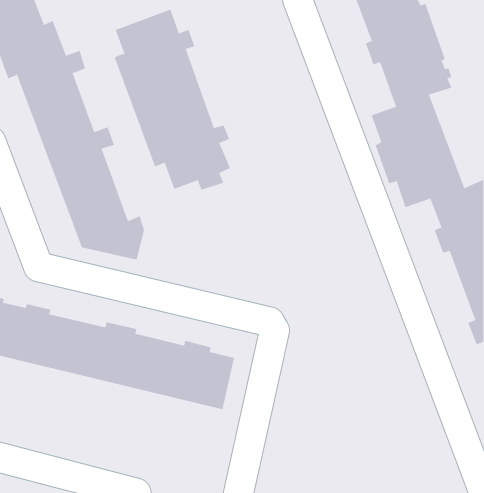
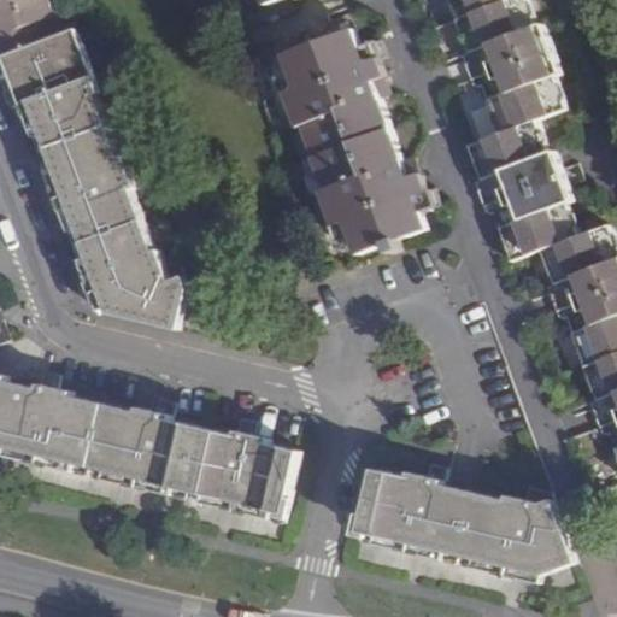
building: [114,9,231,190] -> [277,25,423,252]
building: none -> [358,480,569,584]

